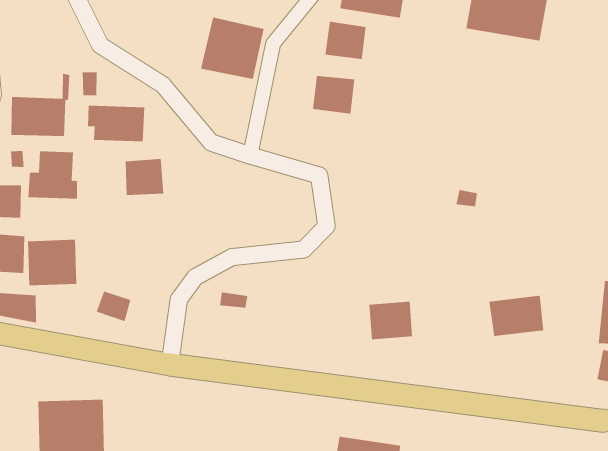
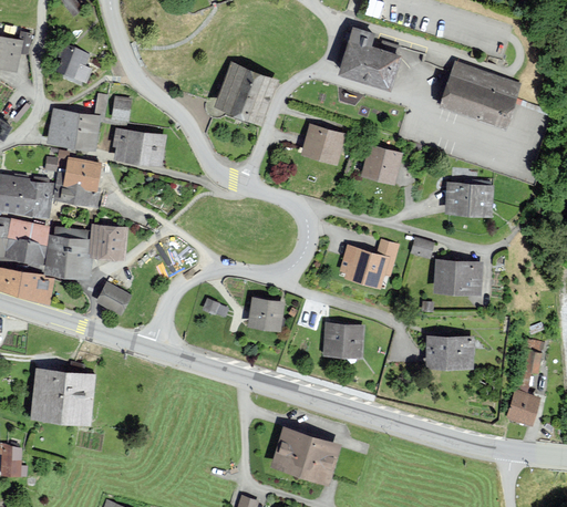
building: none -> [59,45,89,77]
building: [325,21,366,60] -> none
building: none -> [362,147,400,185]
building: none -> [446,185,492,217]
building: [125,159,164,196] -> [91,224,125,256]
building: none -> [341,241,399,287]
building: none -> [435,263,481,296]
building: none -> [250,300,282,331]

